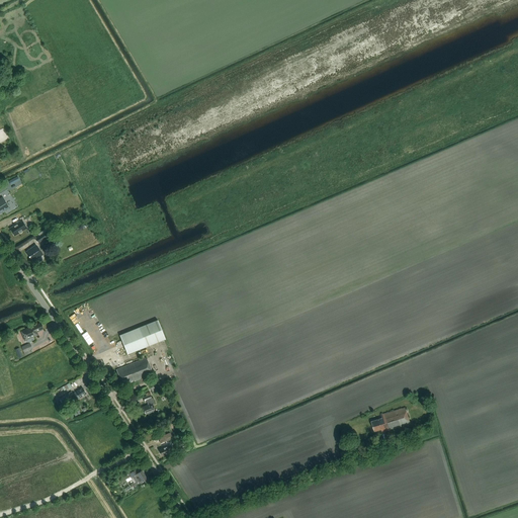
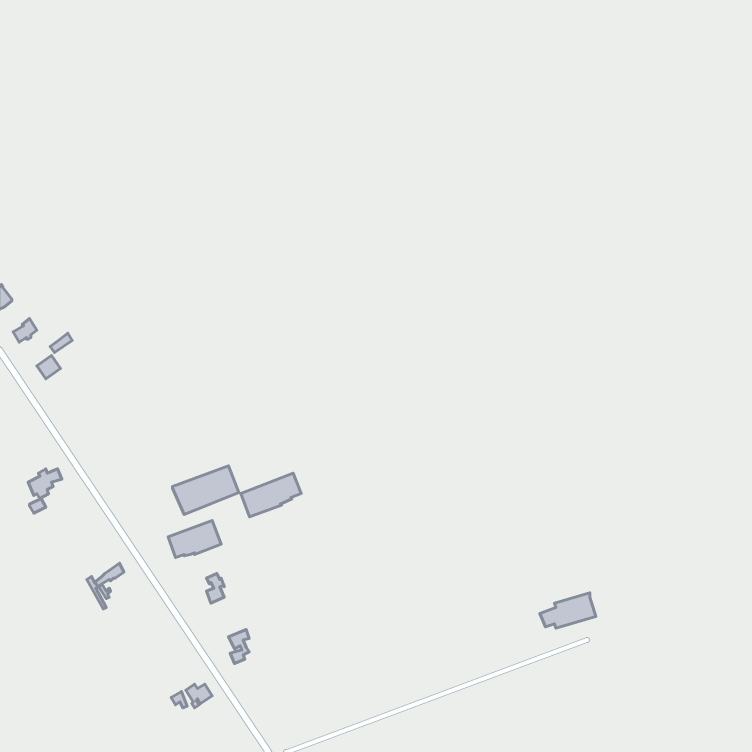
building: none -> [241,473,301,517]

